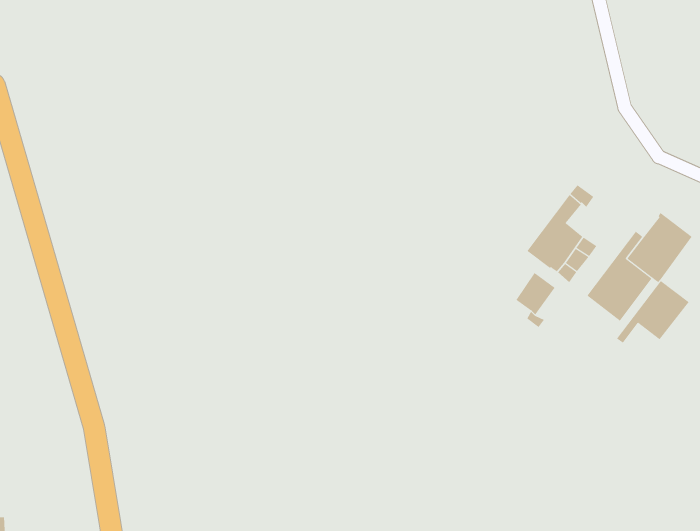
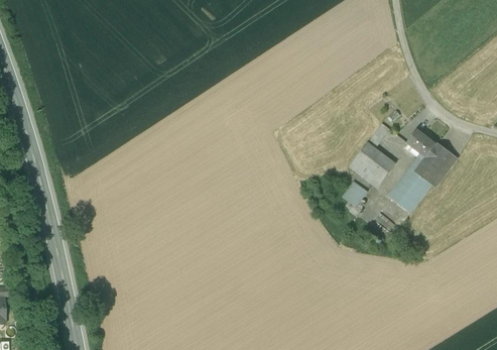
building: none -> [406,129,436,156]
building: [616,280,689,344] -> none

